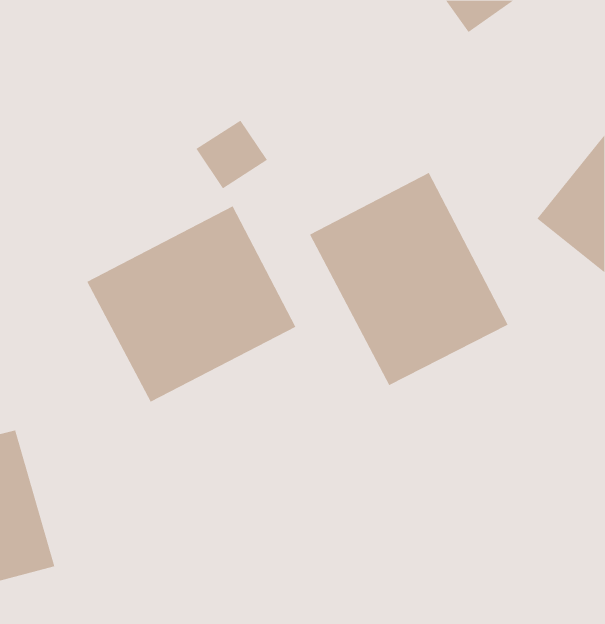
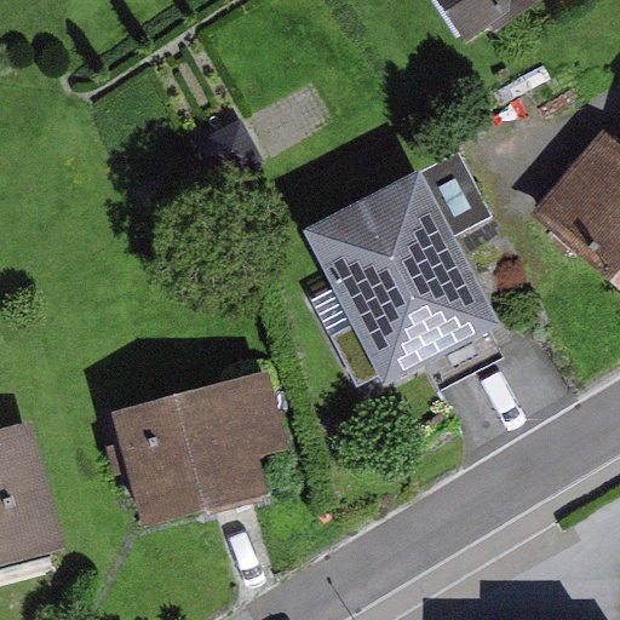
building: [86,205,296,402] -> none
building: none -> [111,372,286,523]

